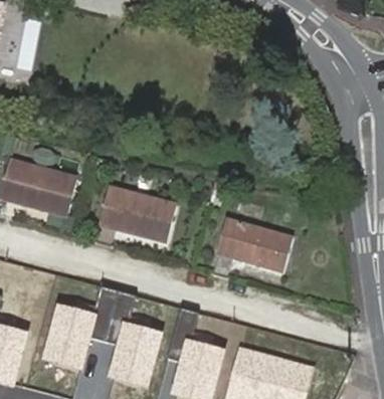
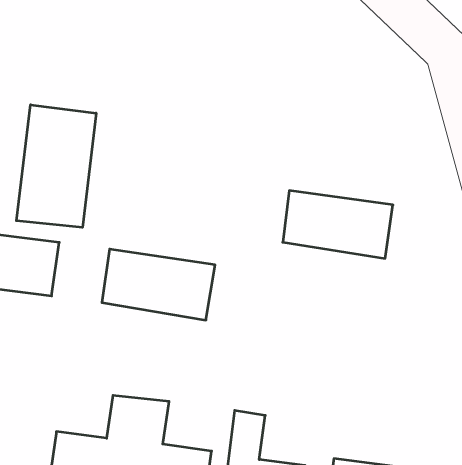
building: none -> [16,105,96,227]
building: [215,220,293,274] -> [283,191,393,258]

